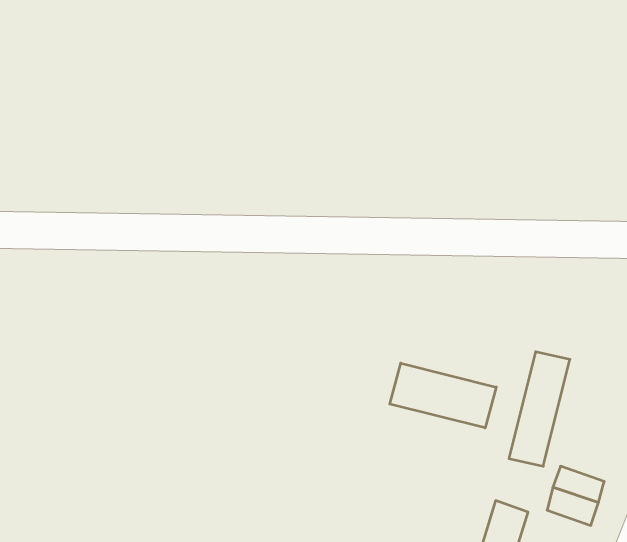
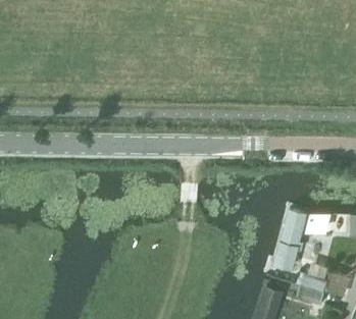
building: [390,363,496,428] -> none

